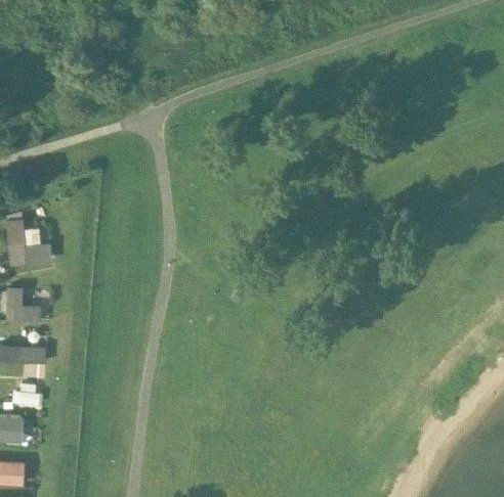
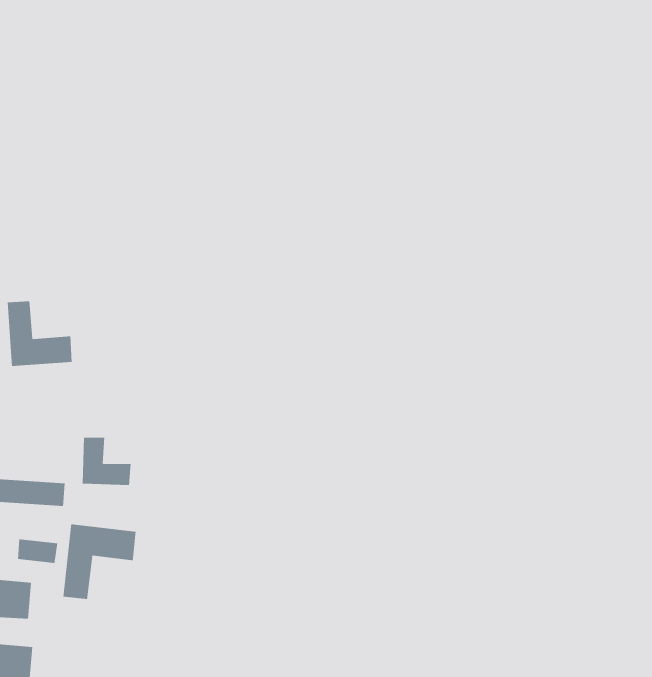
building: [6,287,41,321] -> [82,437,131,485]
building: none -> [63,524,136,600]

